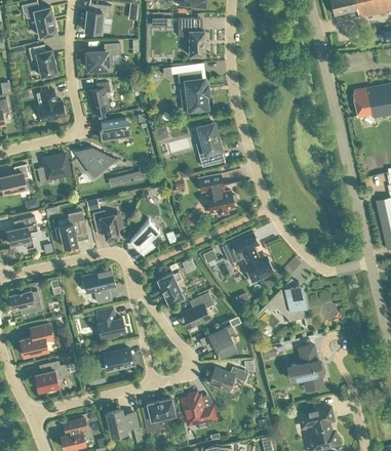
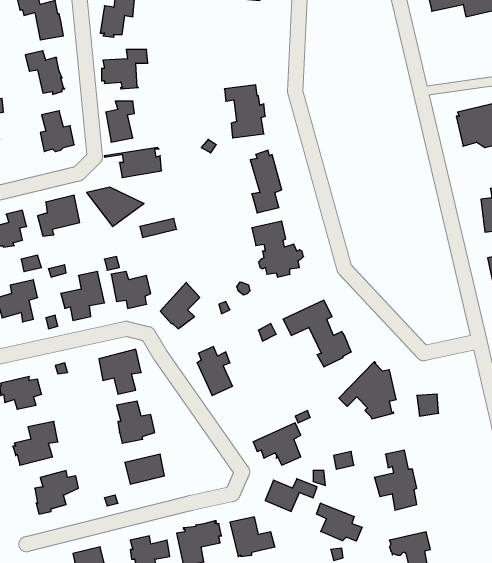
building: [178,18,204,58] -> none
building: [180,292,212,329] -> none
building: none -> [317,503,362,541]

